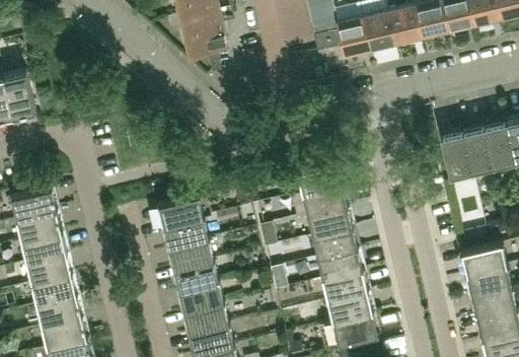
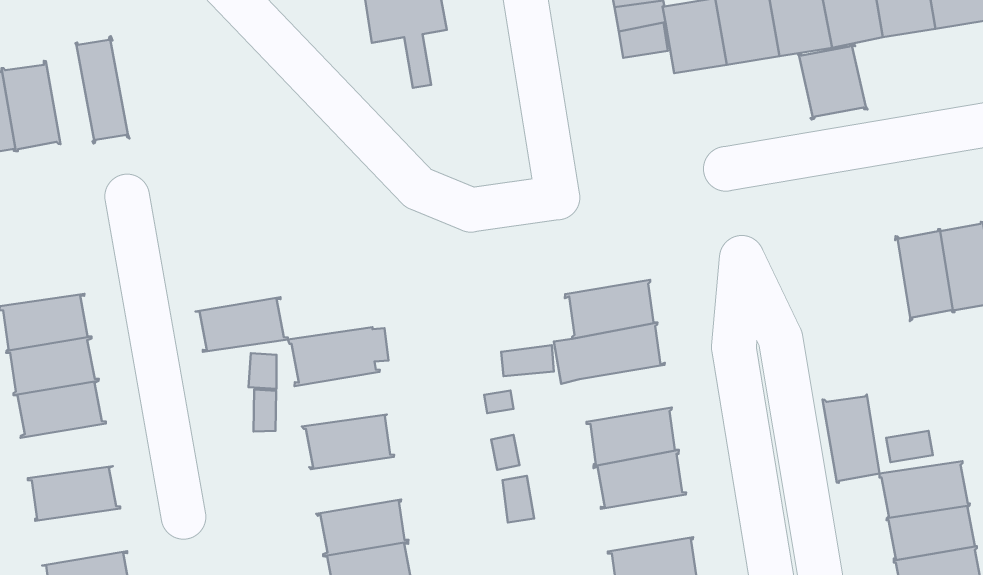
building: none -> [798,43,867,120]
building: none -> [76,36,129,144]
building: [440,133,471,178] -> [823,395,880,483]
building: [306,205,354,236] -> none
building: [162,218,210,248] -> [195,297,288,352]
building: [25,254,73,284] -> none
building: [173,261,220,292] -> none
building: [321,270,369,301] -> none
building: [35,296,83,328] -> none

